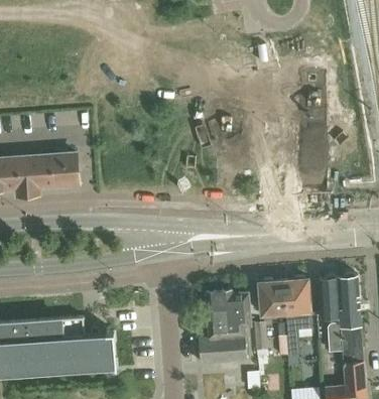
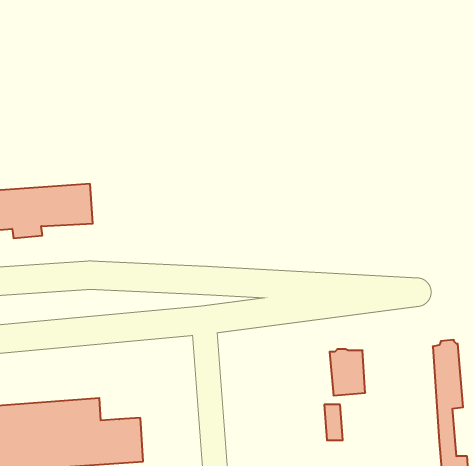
building: [318,275,342,352] -> none
building: [283,277,311,355] -> none
building: [199,291,250,364] -> none

